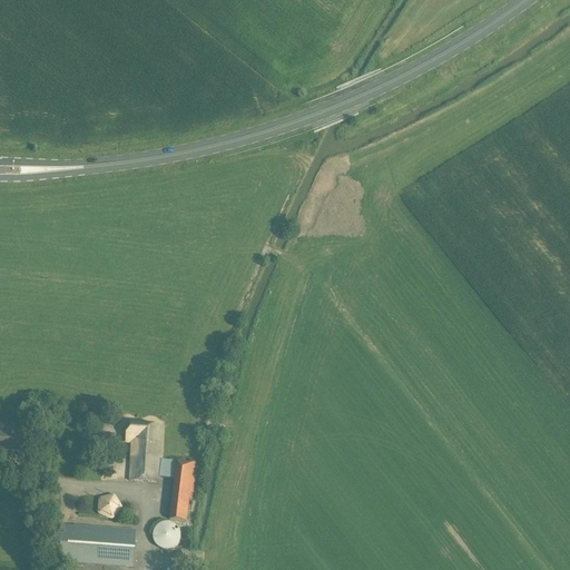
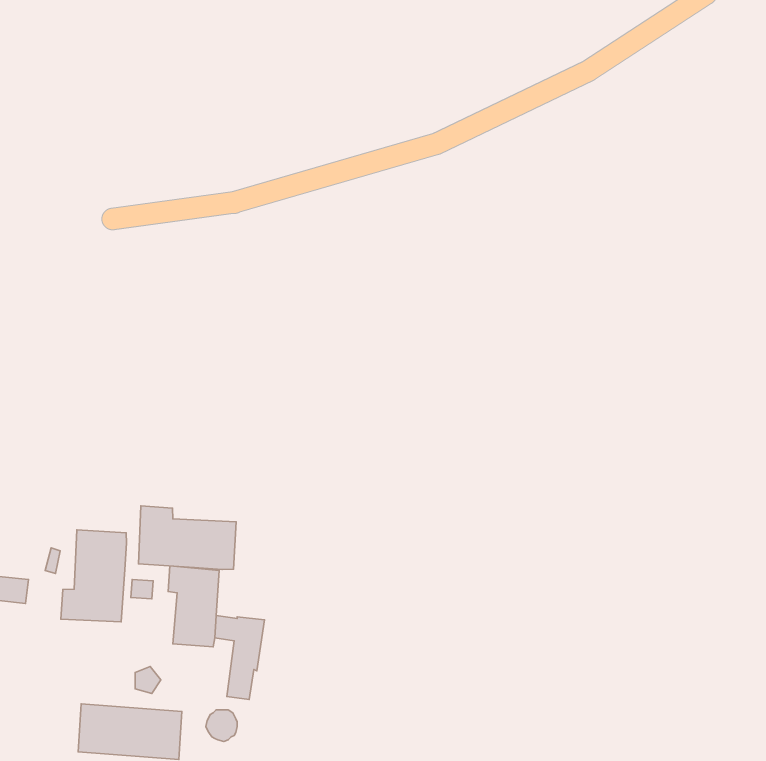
building: none -> [138,506,236,569]
building: none -> [61,530,126,622]

